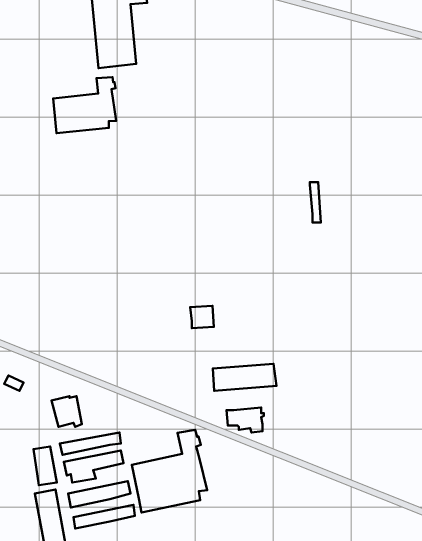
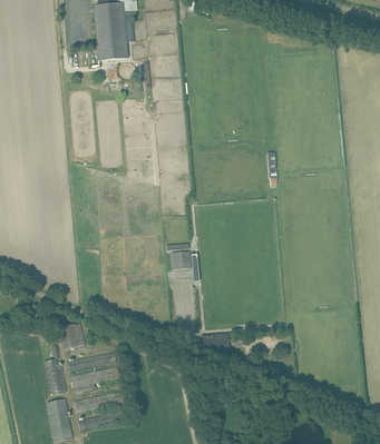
building: [53,77,116,133] -> none
building: [213,364,277,391] -> none
building: [132,430,207,513] -> none

